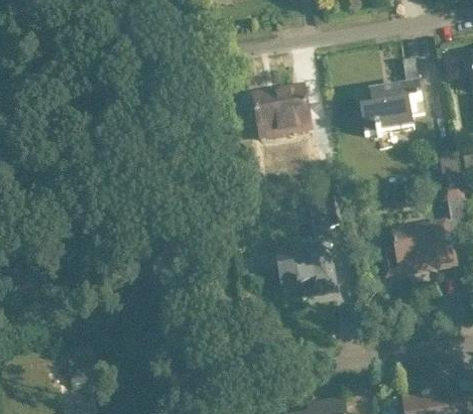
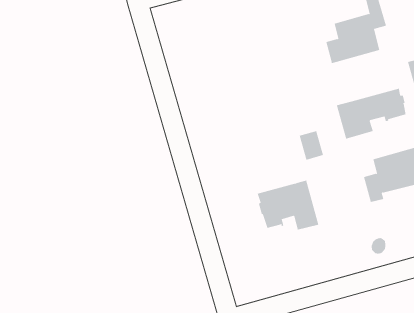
building: [252,83,332,162] -> none
building: none -> [336,88,406,139]

